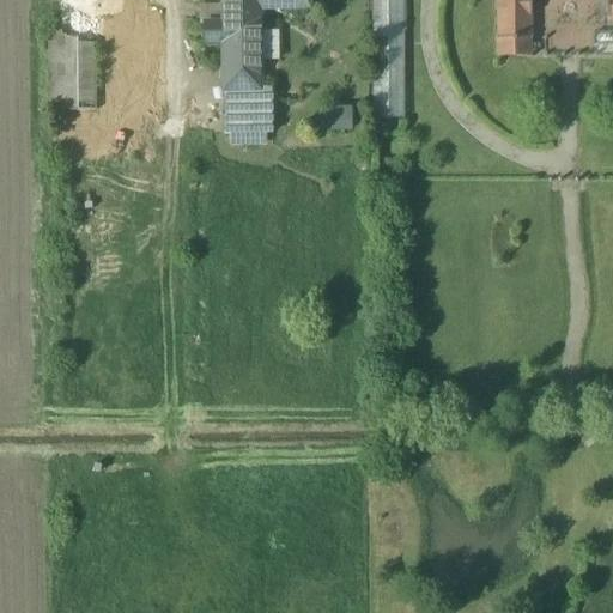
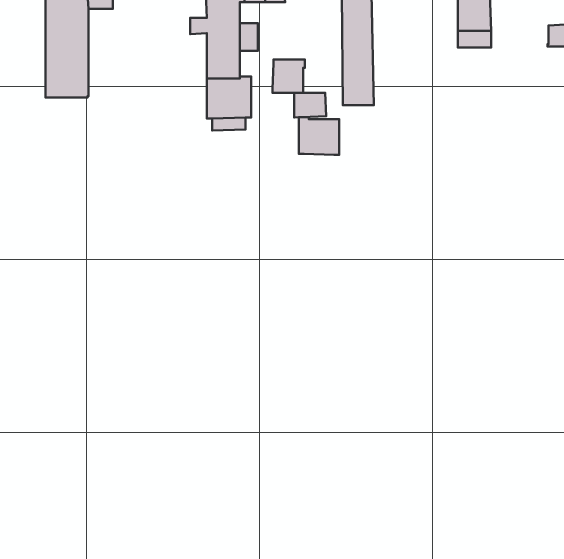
building: none -> [273,59,305,93]
building: none -> [299,117,339,155]

